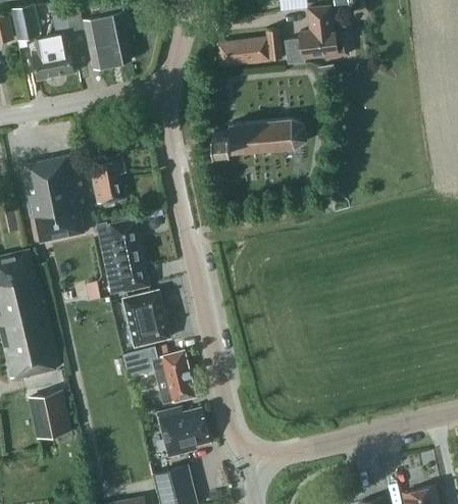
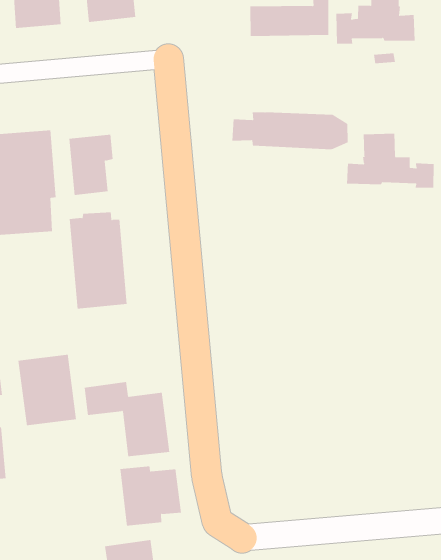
building: none -> [346,133,434,188]
building: [120,289,171,348] -> [18,354,77,426]

